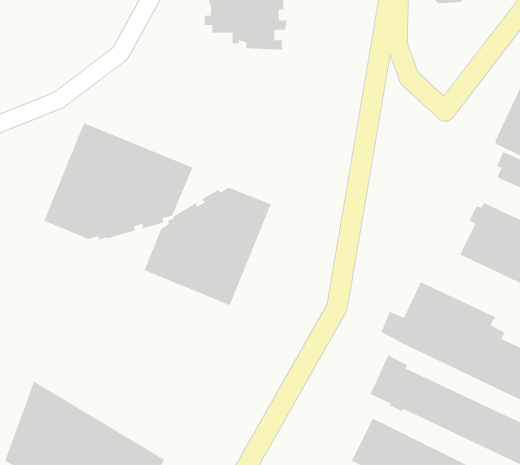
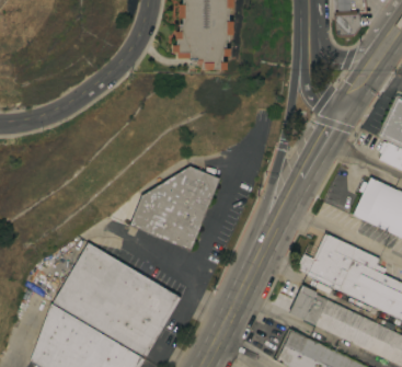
building: [43,122,194,241] -> none
building: none -> [53,243,203,357]

